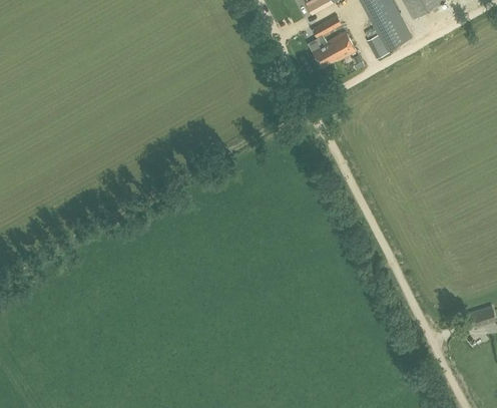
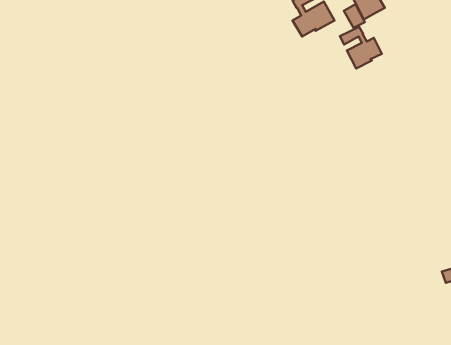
building: none -> [340,27,382,69]

